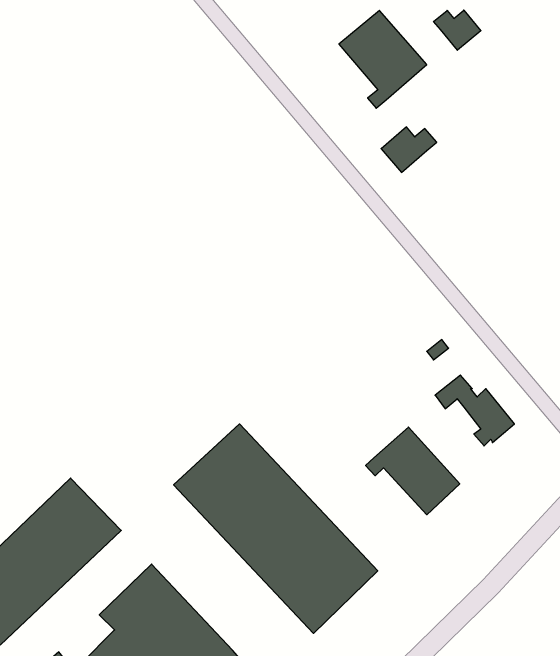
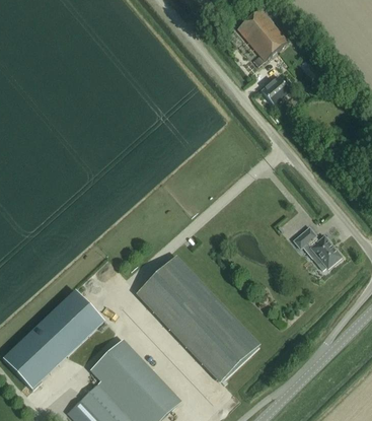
building: [434,10,481,50] -> none
building: [366,427,460,515] -> none

